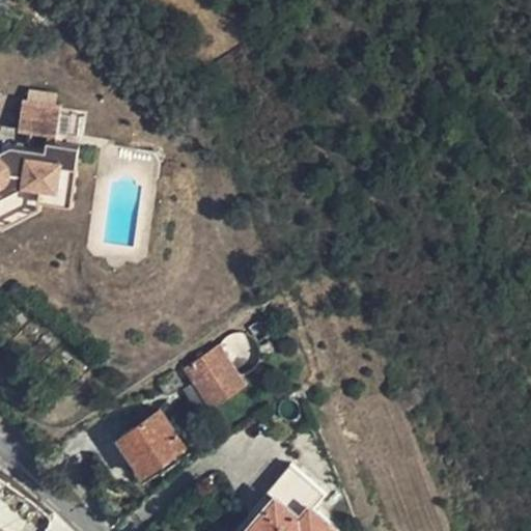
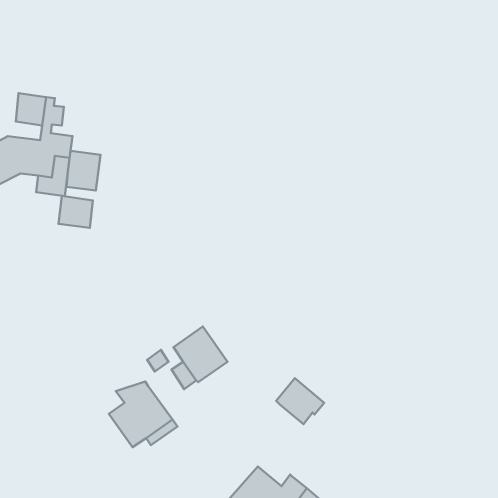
building: none -> [66,151,100,191]
building: none -> [58,196,93,228]
building: [269,469,319,518] -> [276,378,324,424]

